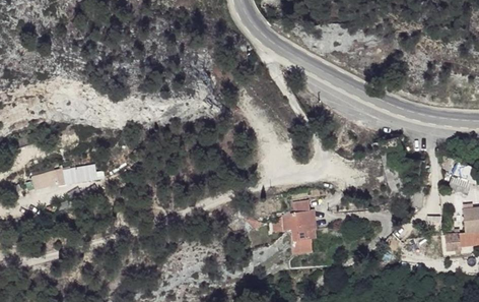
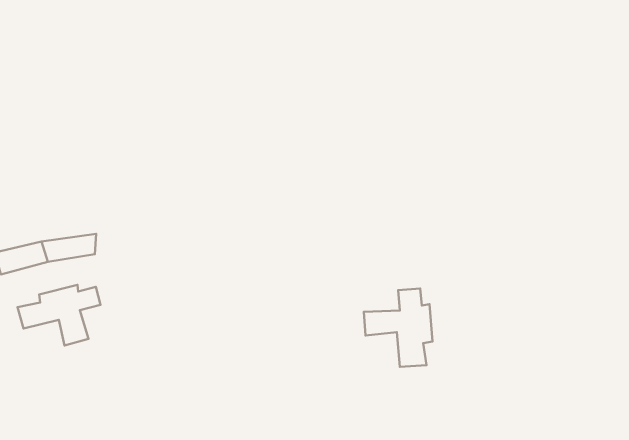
building: none -> [17,285,100,345]

